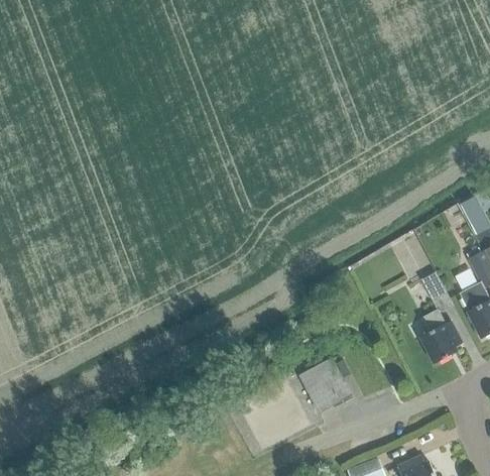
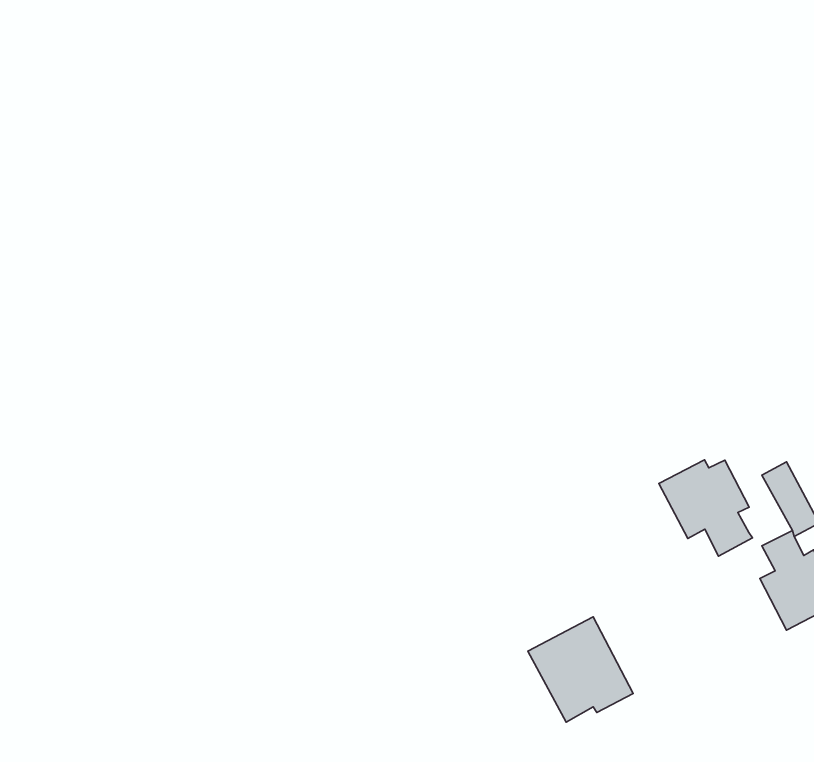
building: none -> [659,460,753,556]

